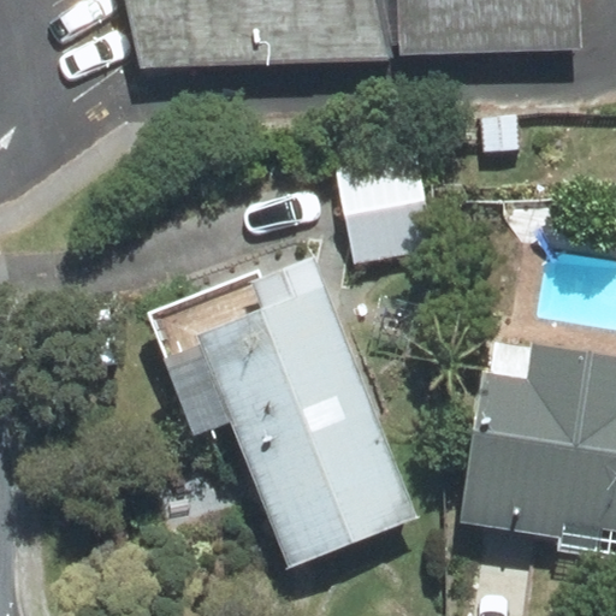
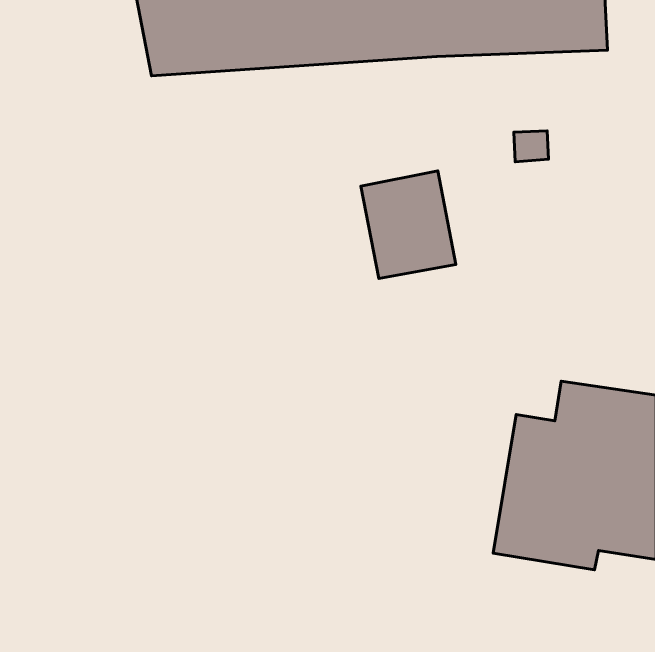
building: [199,300,402,561] -> none

